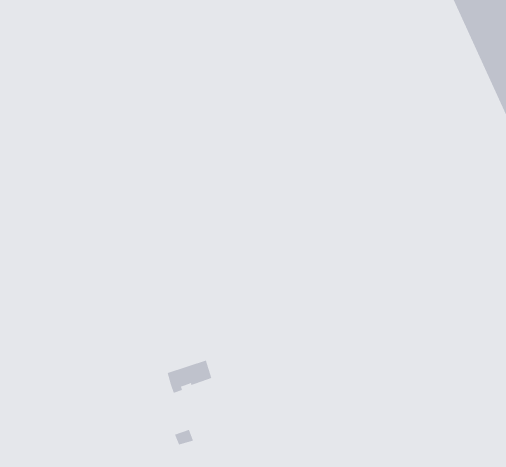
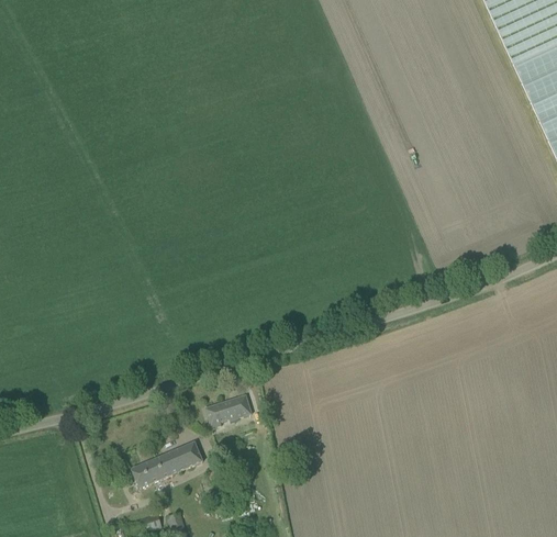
building: none -> [132,440,203,486]

